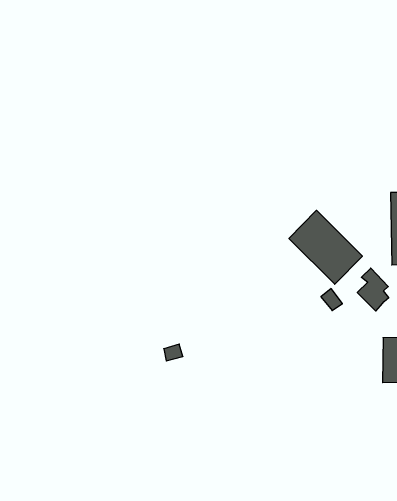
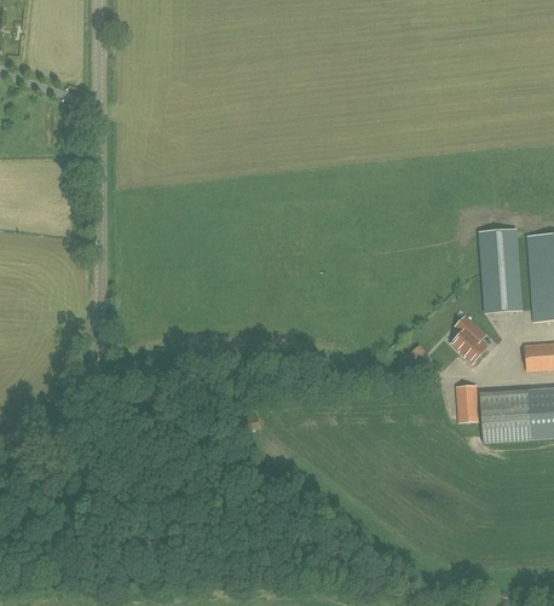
building: [289,210,362,284] -> none
building: none -> [457,385,479,422]

